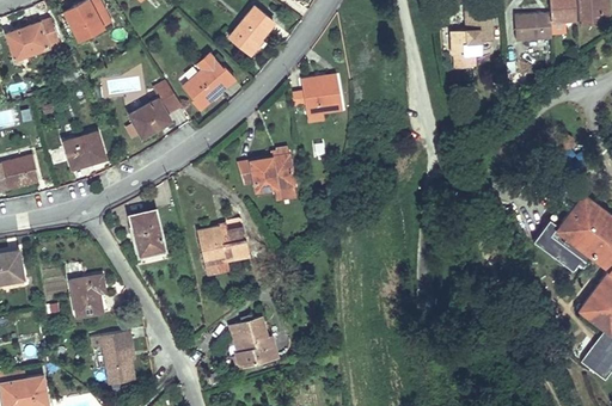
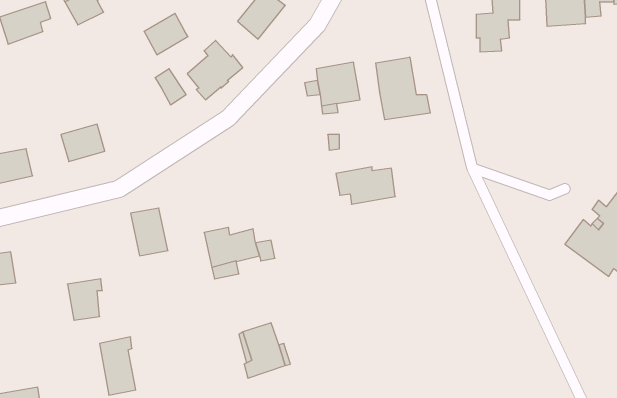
building: none -> [376,57,430,120]
building: [129,99,170,137] -> [144,13,188,55]
building: [238,158,293,192] -> [336,167,395,204]

